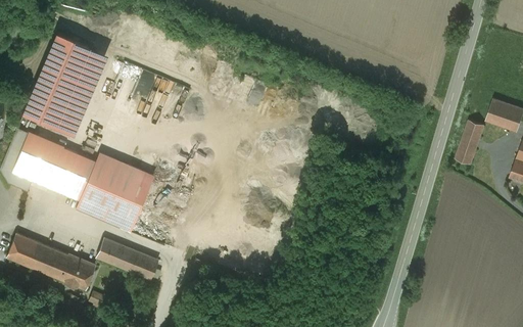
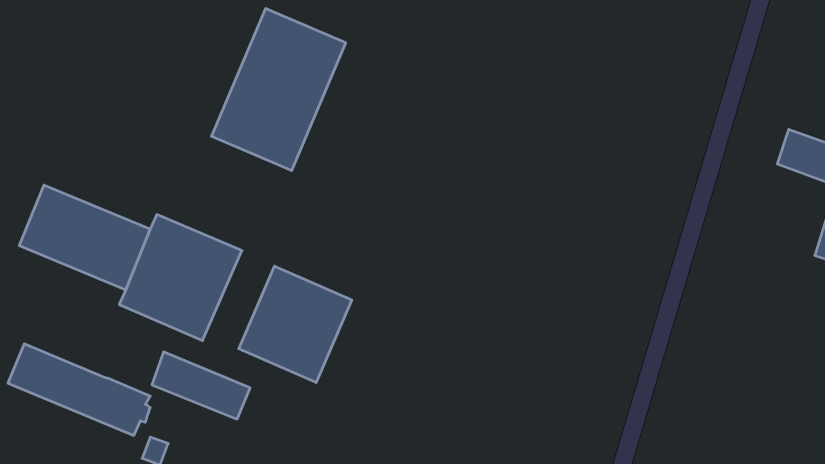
building: [23,35,107,136] -> [211,9,346,171]
building: [455,122,484,166] -> none
building: none -> [239,266,352,383]

